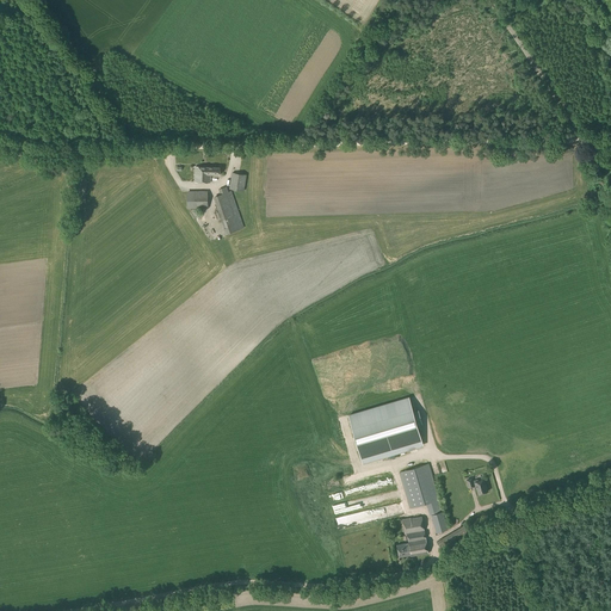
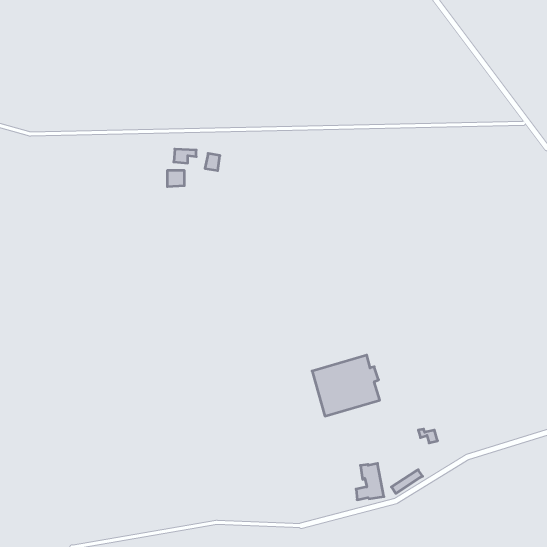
building: [214,186,242,234] -> none
building: [399,462,448,531] -> none

